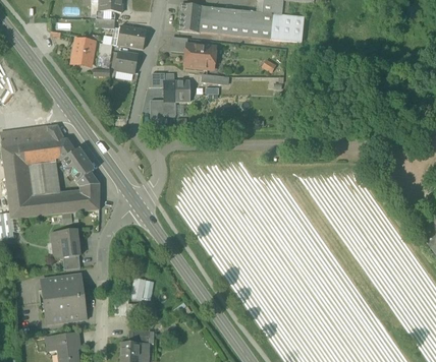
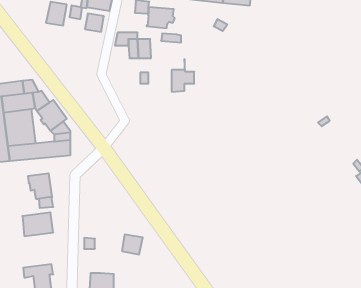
building: [150,86,175,123] -> [172,59,194,92]
building: [129,277,153,299] -> [122,235,143,255]
building: [47,296,81,322] -> none

